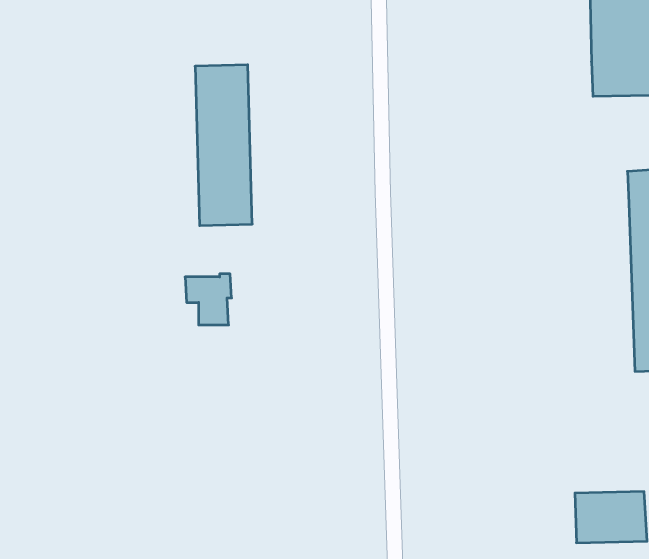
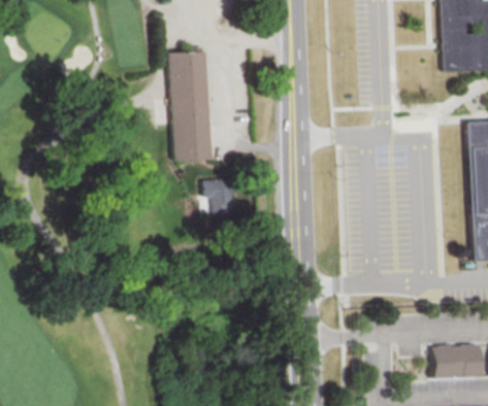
building: [185,274,232,325] -> [203,177,235,212]

